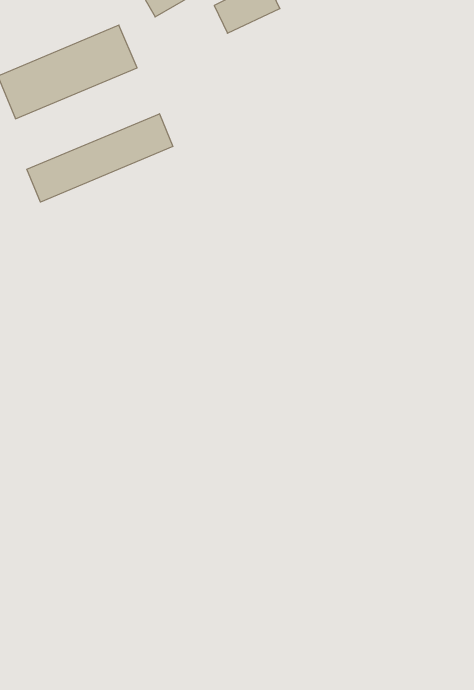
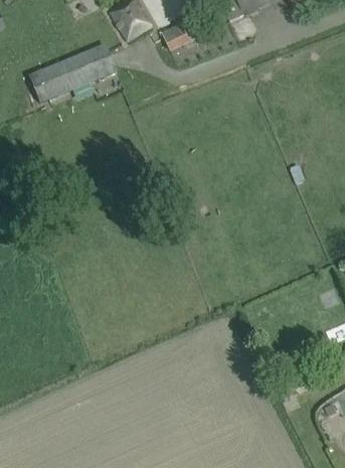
building: [27,114,173,202] -> none

